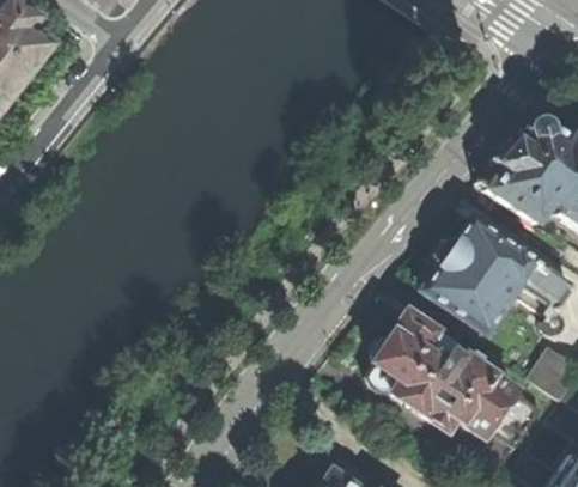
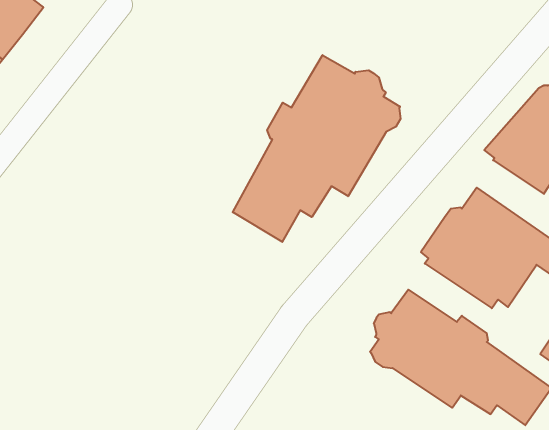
building: none -> [233,55,401,242]

